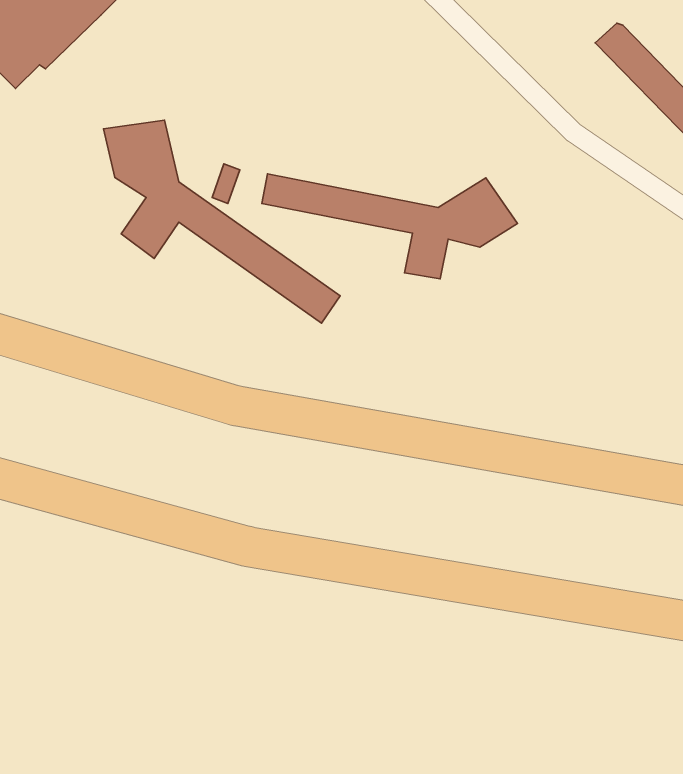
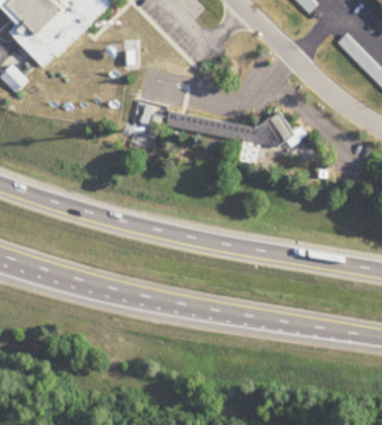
building: [104,120,340,323] -> none

